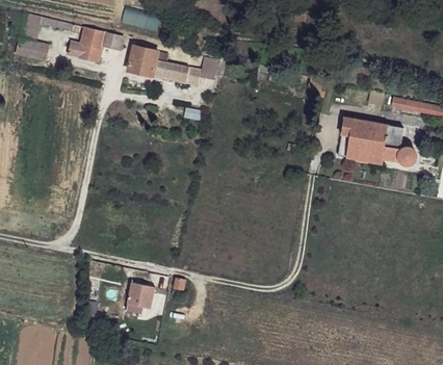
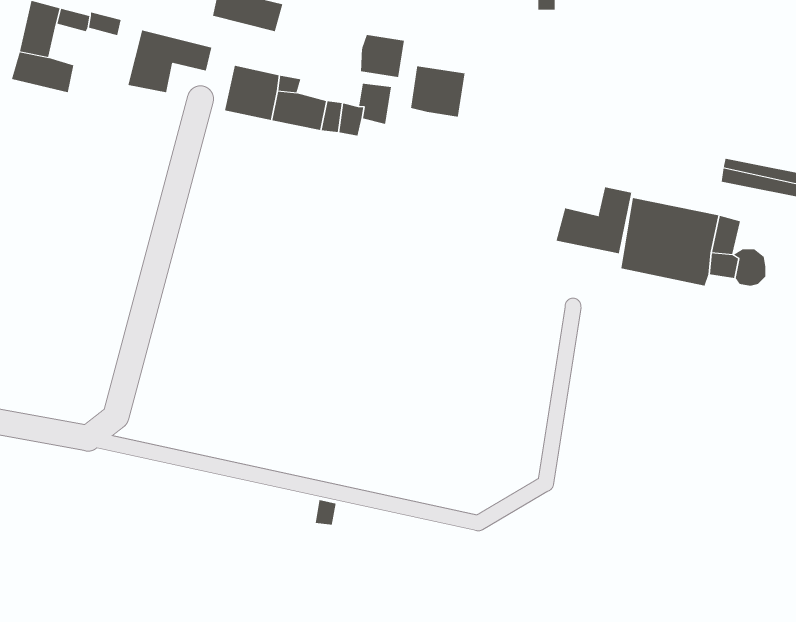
building: none -> [360,34,405,78]
building: none -> [410,66,465,118]
building: none -> [556,187,632,254]
building: [127,283,156,314] -> none

